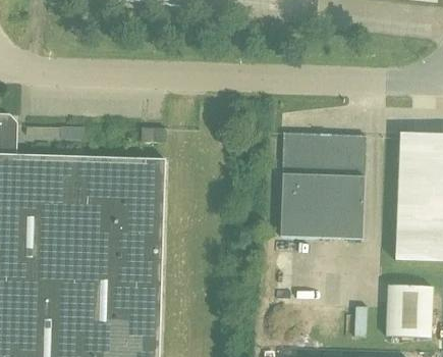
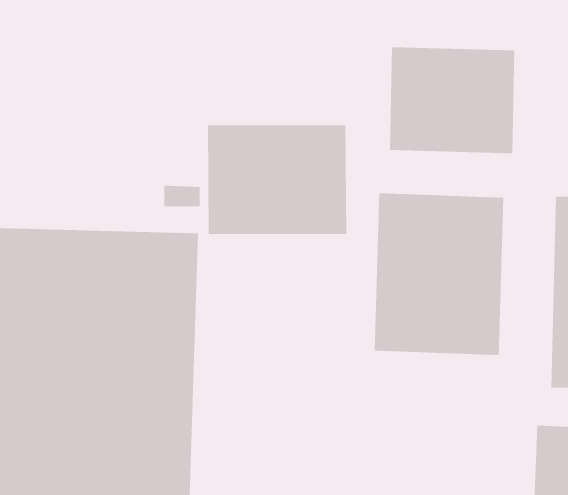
building: none -> [389,46,515,154]
building: none -> [207,124,347,235]

